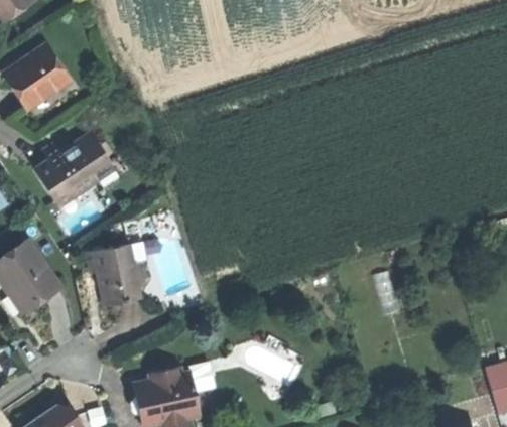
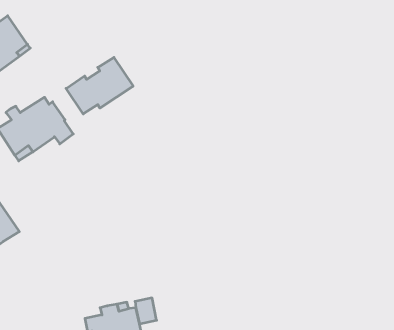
building: none -> [66,57,133,114]
building: [87,242,147,306] -> none

